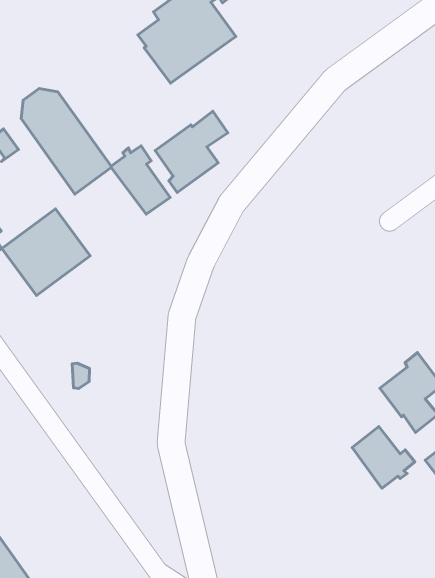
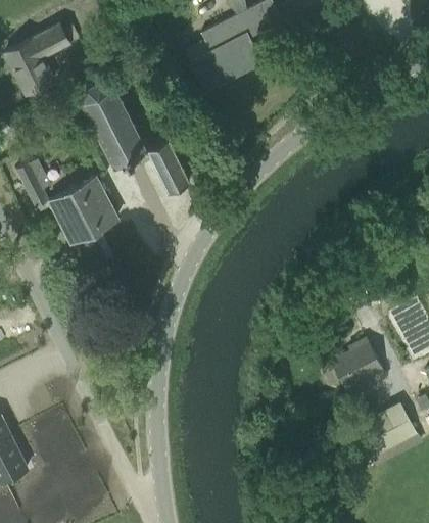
building: [155,111,228,193] -> none
building: [352,427,415,488] -> none

